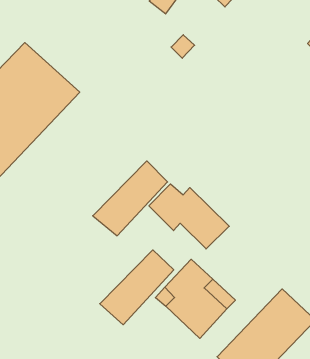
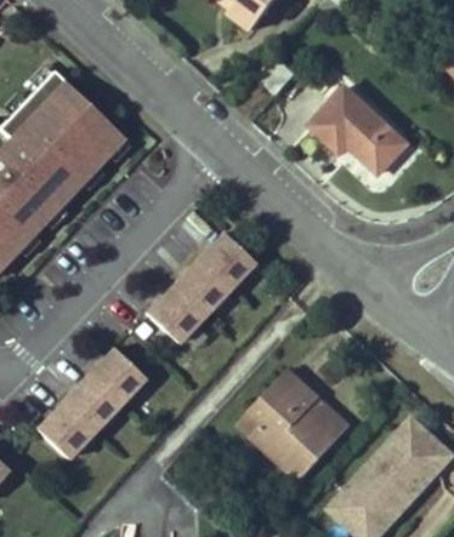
building: none -> [311,87,407,173]
building: [149,184,229,249] -> none
building: [100,250,174,325] -> [40,353,143,457]

